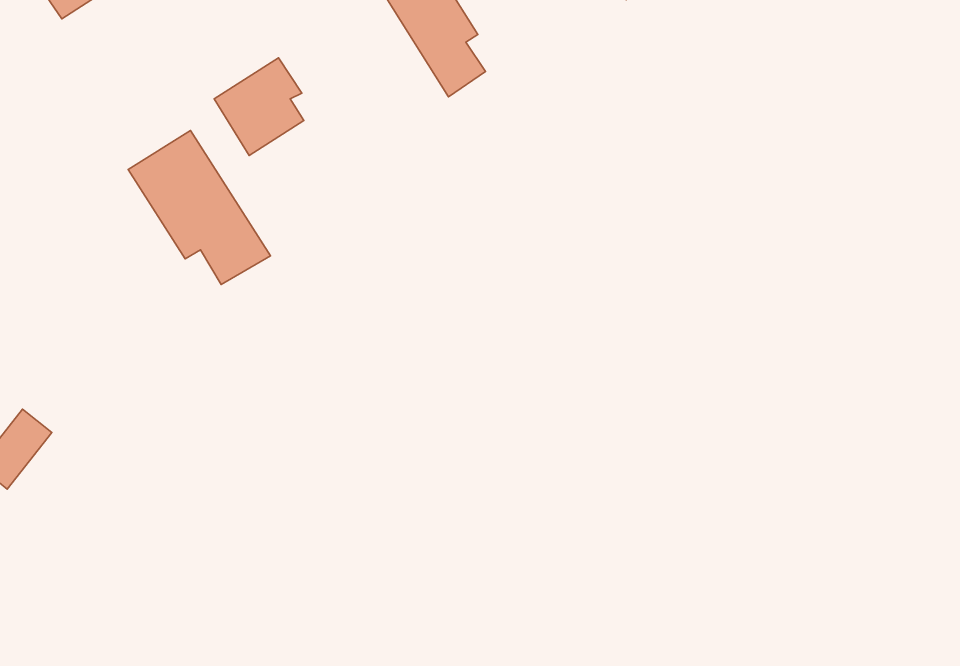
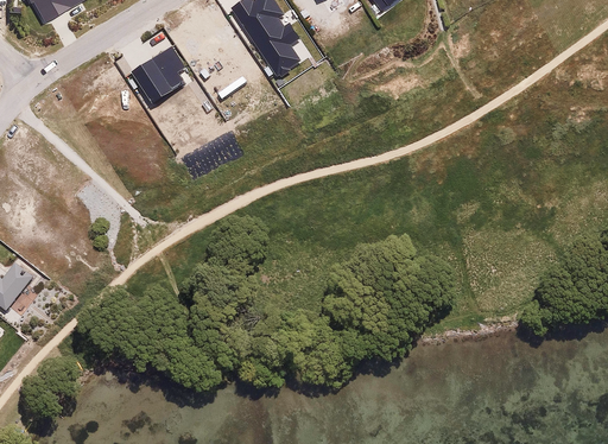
building: [128,130,270,285] -> none

